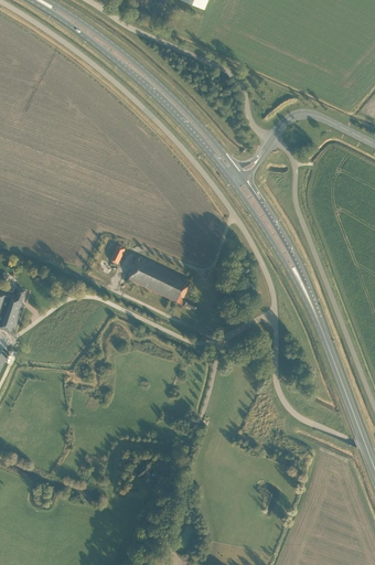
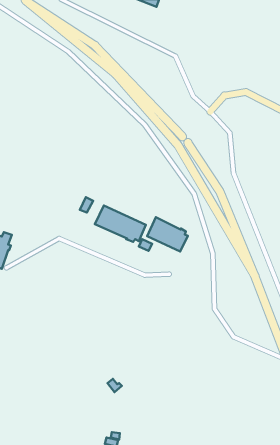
building: none -> [147,217,188,252]

